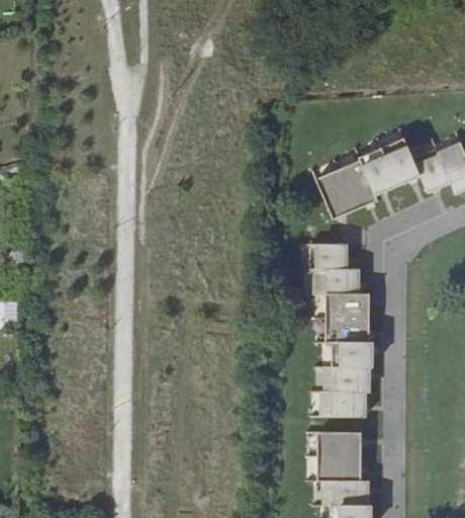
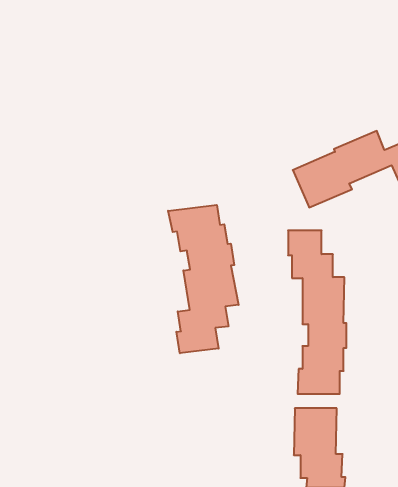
building: none -> [168,205,239,353]

